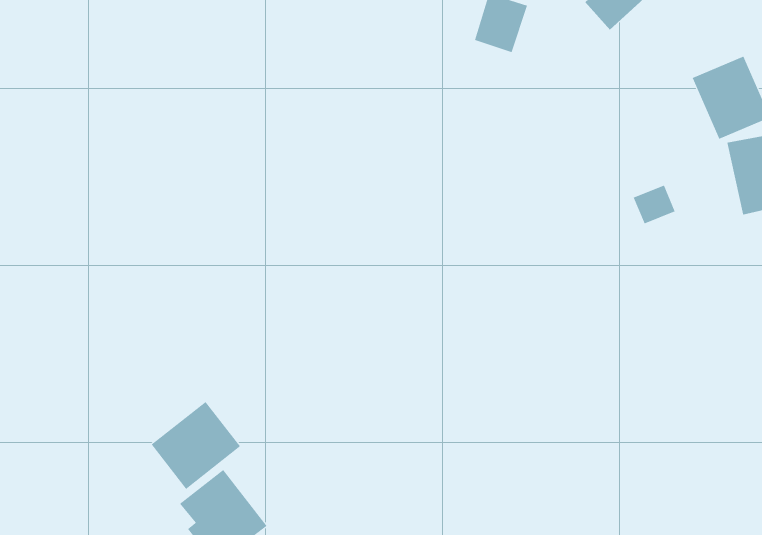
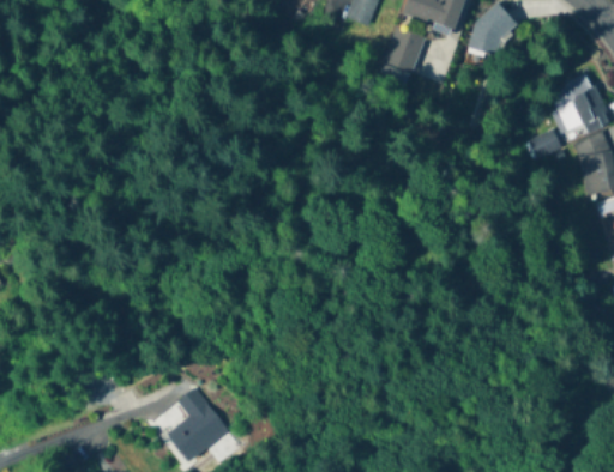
building: [633,185,676,224] -> [529,131,561,161]
building: [151,401,241,490] -> none

